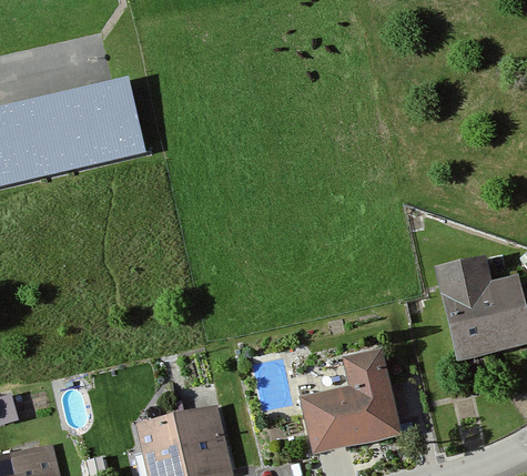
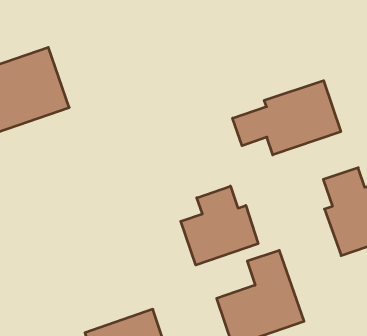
building: none -> [233,81,341,155]
building: none -> [181,186,258,265]

